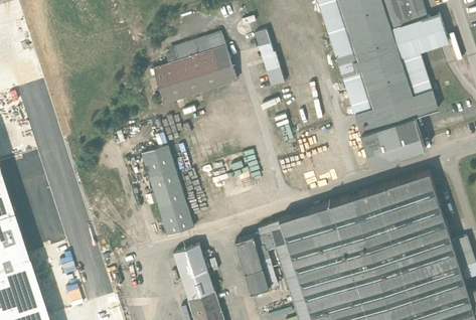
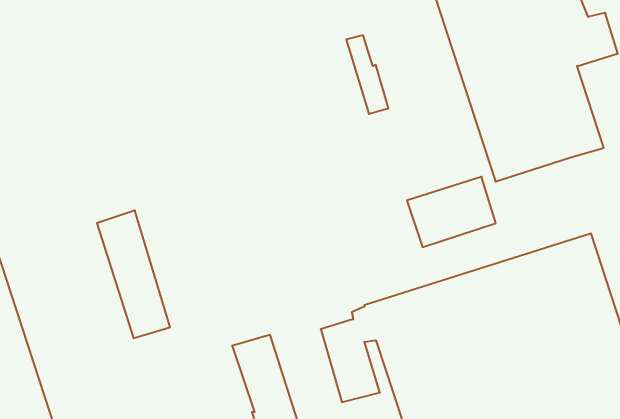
building: [153,34,239,107] -> none
building: [361,120,425,170] -> [407,177,496,247]
building: [142,147,194,238] -> [97,210,170,338]

